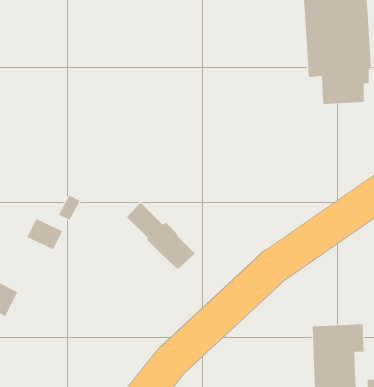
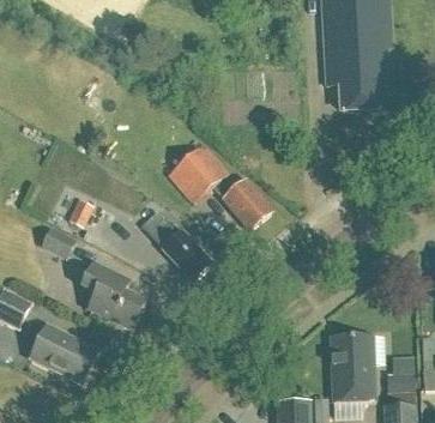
building: none -> [168,143,272,228]
building: none -> [81,260,145,327]
building: none -> [30,322,97,380]

